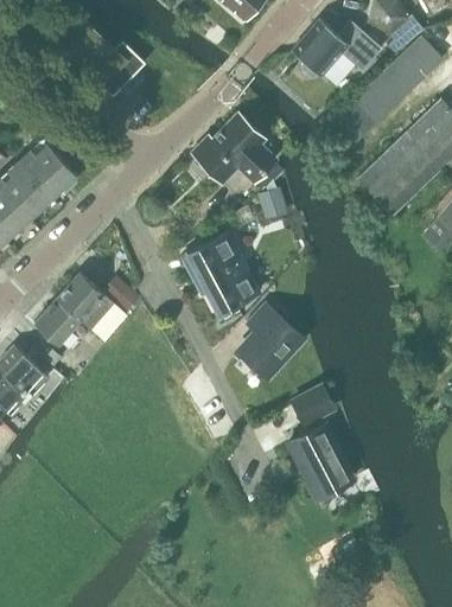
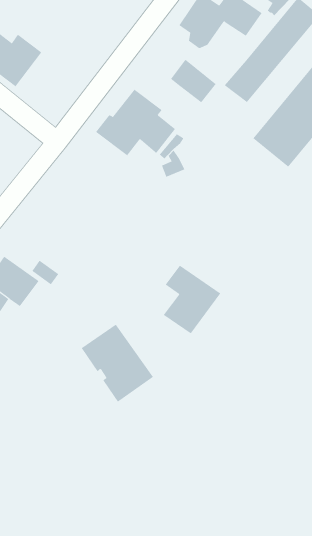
building: none -> [170,59,217,103]
building: [186,231,260,314] -> [81,324,154,402]
building: [292,385,333,424] -> none
building: [287,424,354,498] -> none

